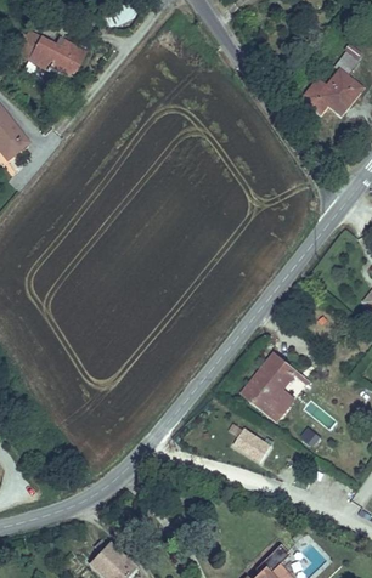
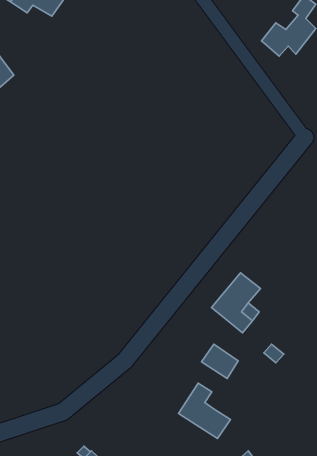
building: none -> [178,383,230,438]

